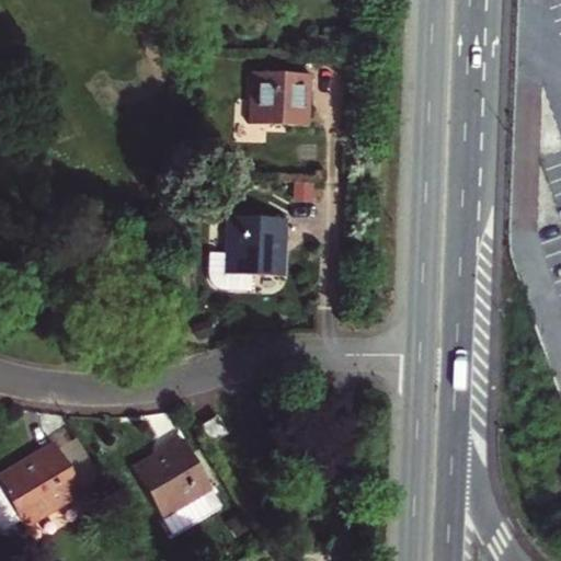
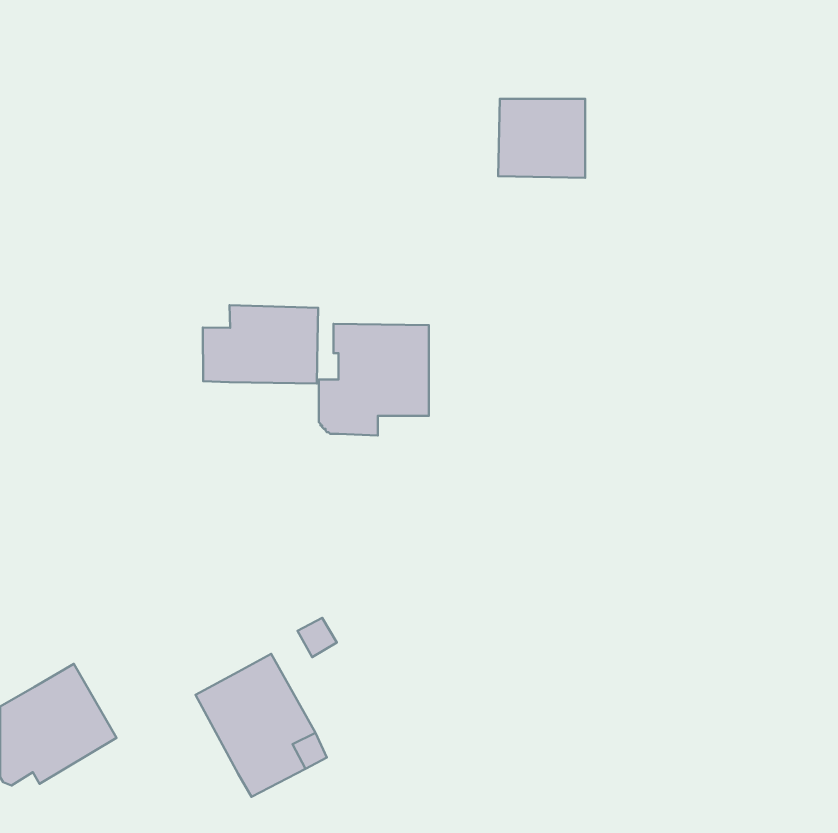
building: [254,72,312,125] -> [498,99,585,178]
building: none -> [203,305,318,384]

